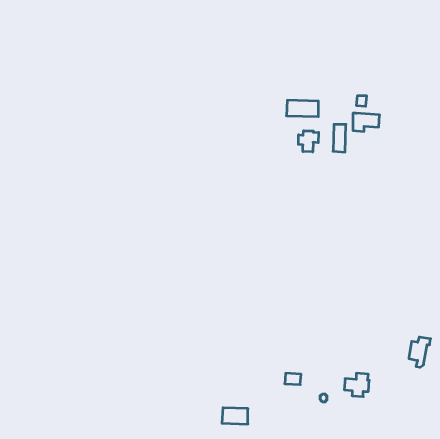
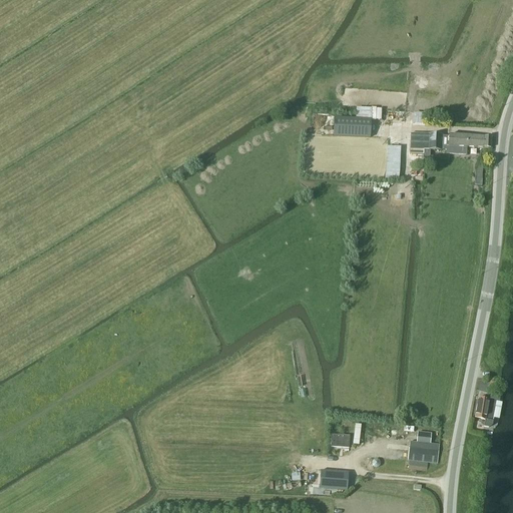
building: none -> [441,133,492,153]
building: [298,131,319,152] -> none
building: [222,408,248,424] -> [319,469,349,488]

